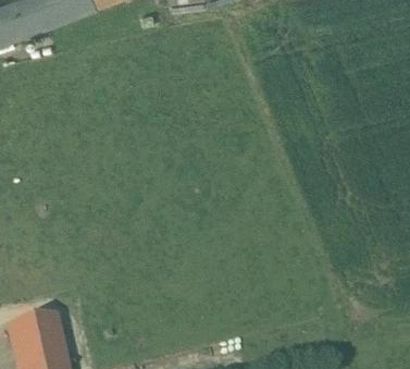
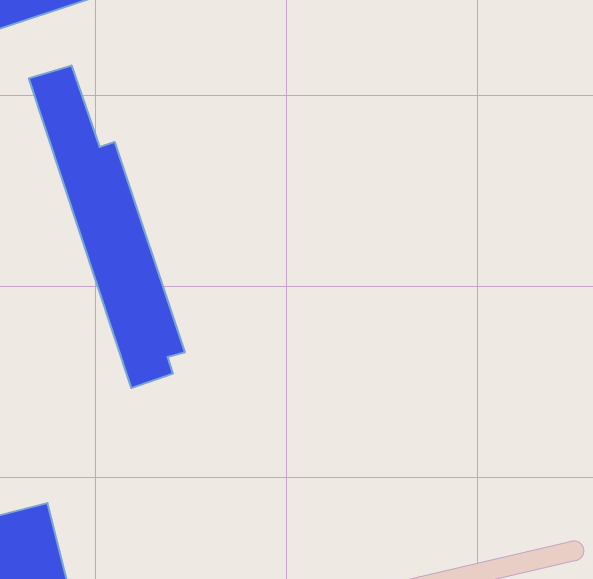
building: none -> [29,65,185,388]

